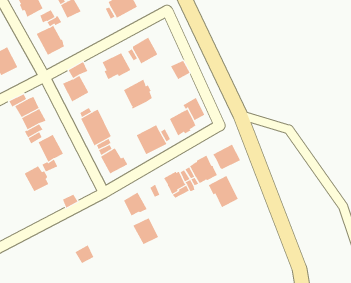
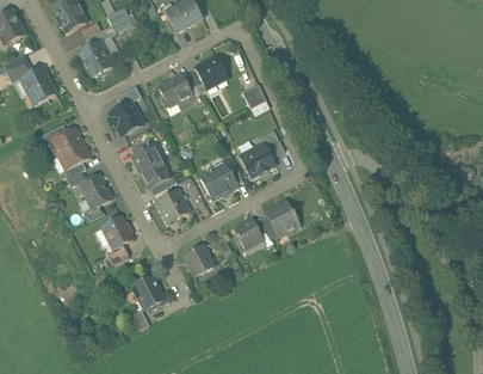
building: [123,79,153,109] -> none
building: [213,144,241,170] -> none
building: [24,166,49,192] -> [103,216,134,249]
building: [208,175,239,209] -> none
building: [133,218,159,245] -> [132,276,165,309]

